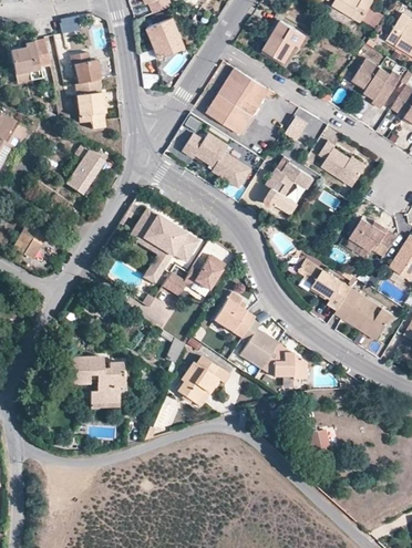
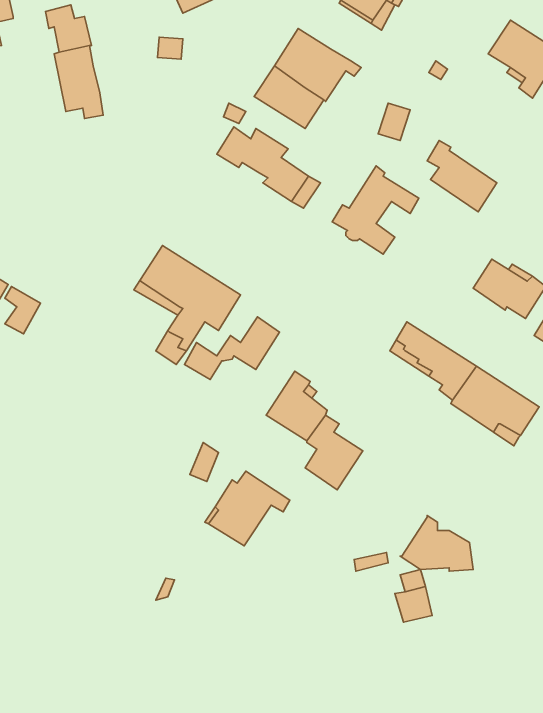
building: [66,148,106,198] -> none
building: [259,342,307,379] -> [400,515,473,571]
building: [68,356,123,402] -> none

